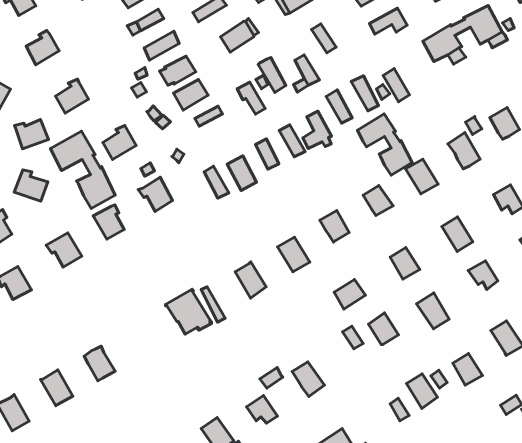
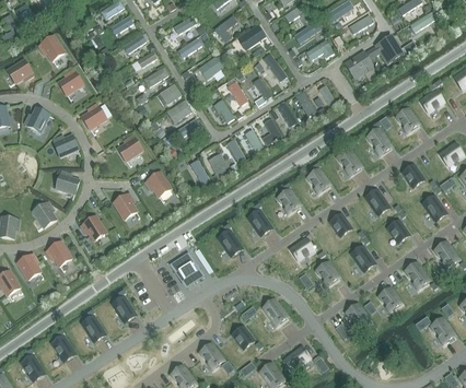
building: [357,114,412,175] -> none
building: [51,131,115,208] -> none

